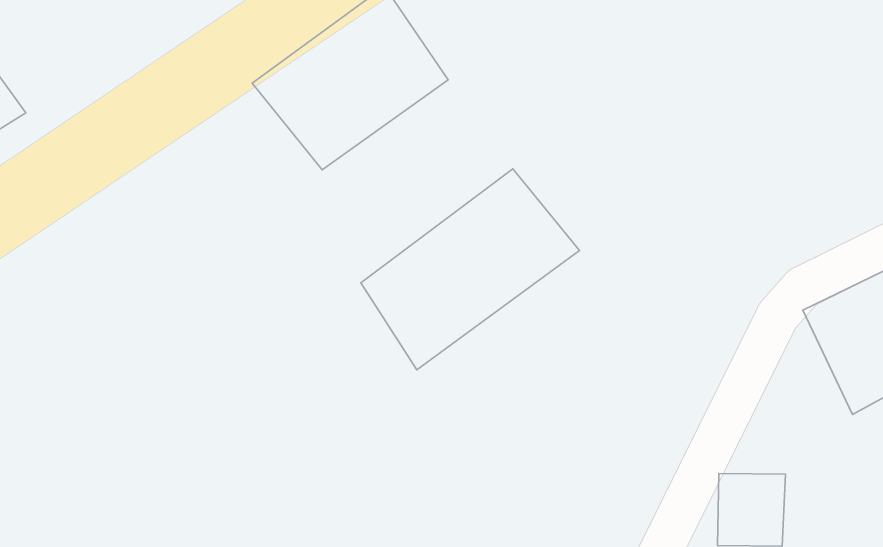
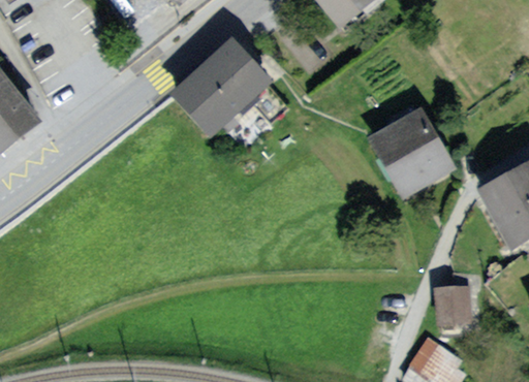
building: none -> [367,105,457,199]
building: [361,169,579,370] -> none

